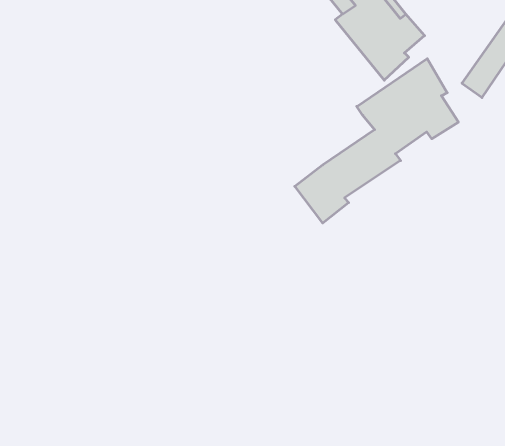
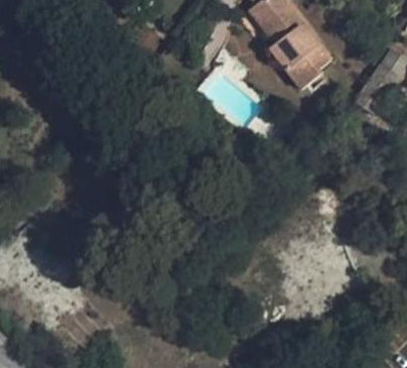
building: [295,59,458,223] -> none

